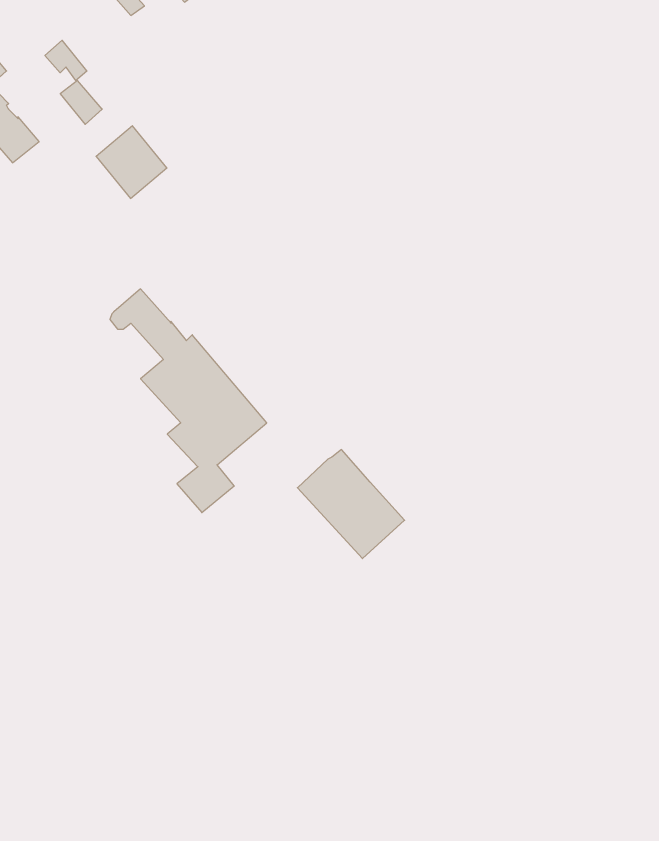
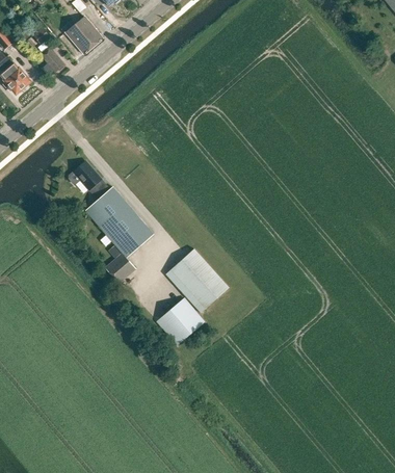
building: [96,126,167,198] -> [65,16,104,55]
building: none -> [157,297,205,345]

